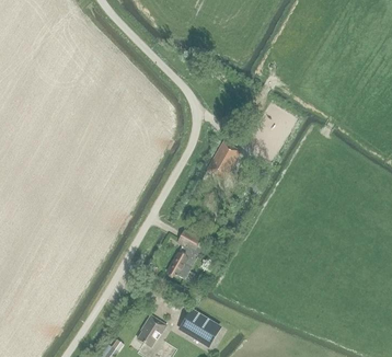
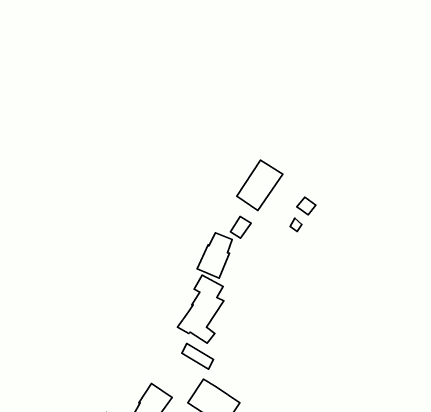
building: none -> [197,233,232,278]

